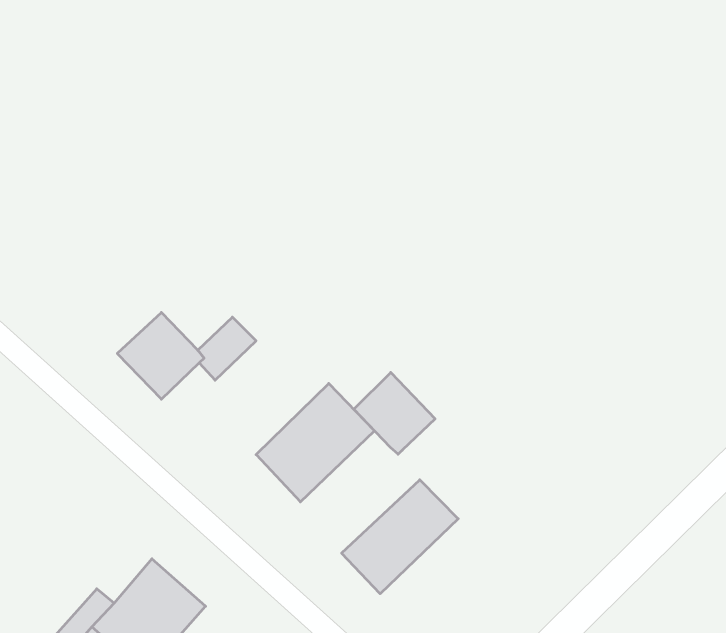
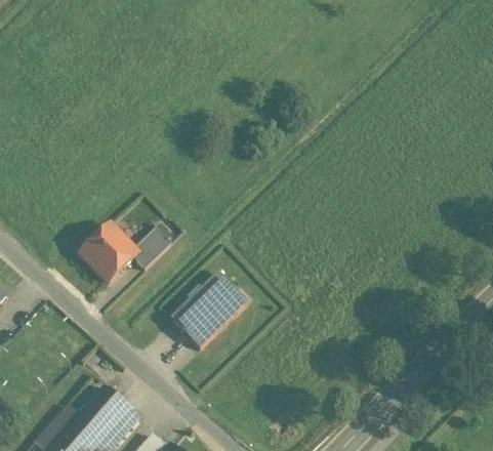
building: [354,372,435,454] -> none
building: [342,480,458,594] -> none

